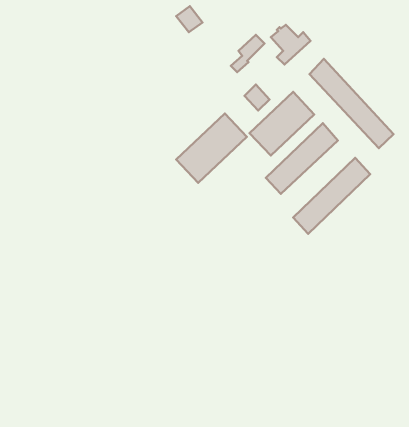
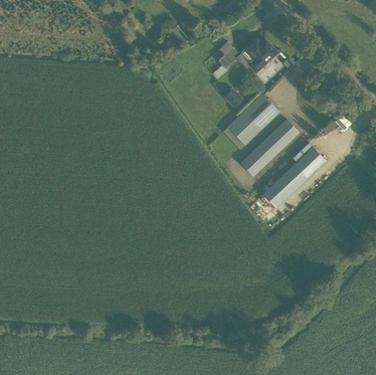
building: [309,59,393,148] -> none
building: [176,113,247,183] -> none

